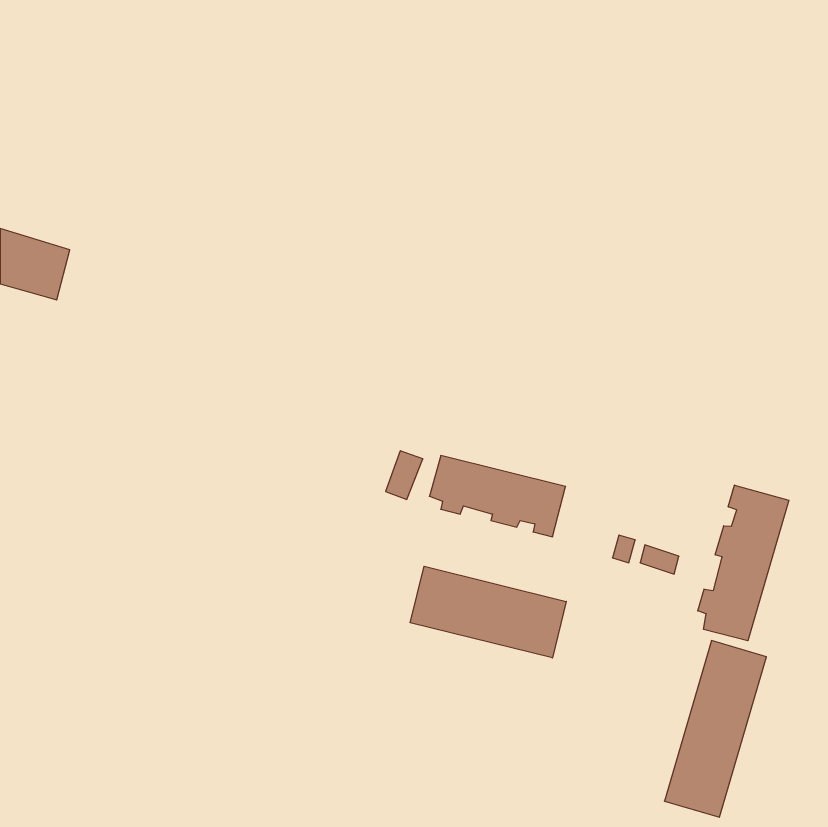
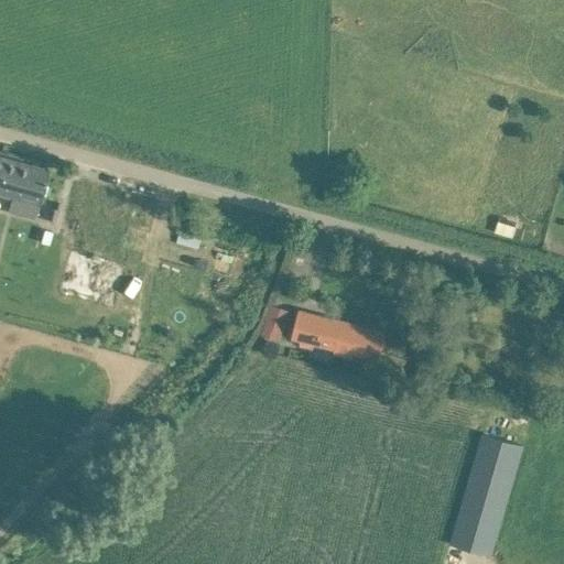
building: [698,485,789,641] -> none
building: [410,566,566,658] -> none

